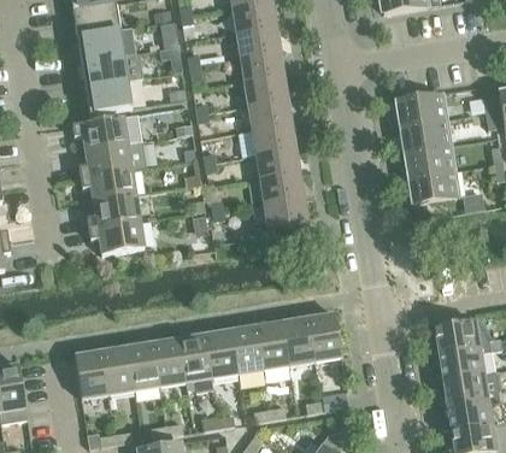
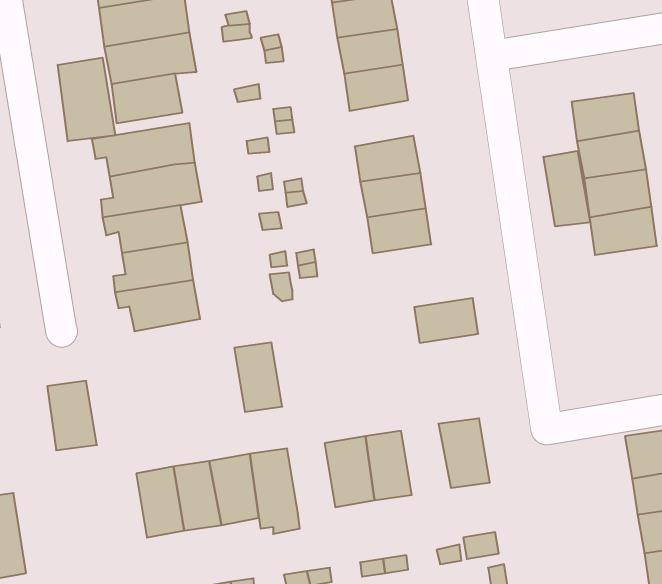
building: none -> [58,58,115,141]
building: [246,98,289,129] -> none
building: none -> [543,151,590,226]
building: [261,195,305,225] -> [414,298,478,343]
building: [281,317,314,365] -> none
building: [204,330,236,377] -> [234,343,282,412]
building: [75,351,108,398] -> [47,381,97,450]

